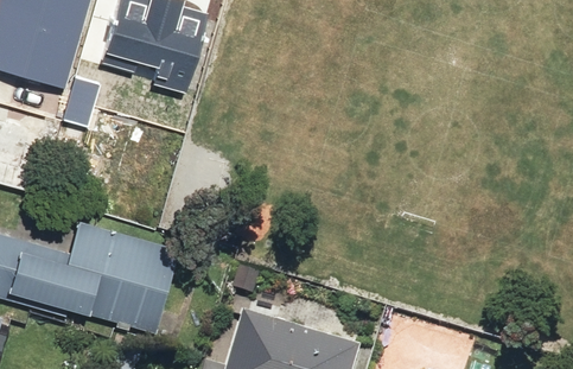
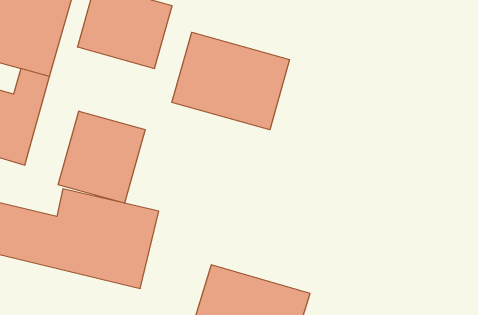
building: none -> [172,32,290,130]
building: none -> [58,111,145,203]

